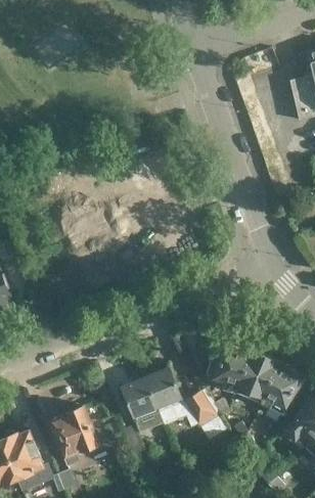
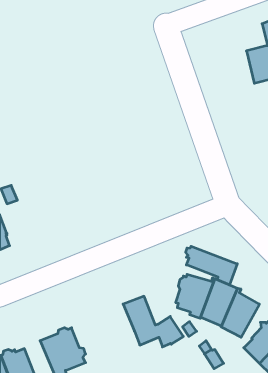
building: none -> [186,246,237,285]
building: [121,378,158,422] -> none

